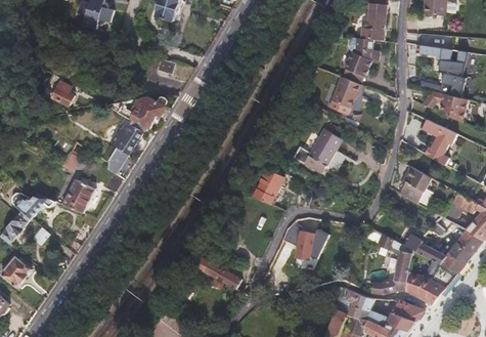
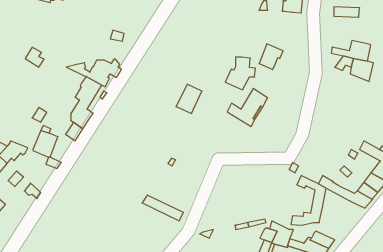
building: [342,38,378,77] -> [225,57,255,90]
building: [413,44,463,77] -> none
building: [424,118,458,164] -> none
building: [398,167,431,204] -> none
building: [250,168,280,203] -> [176,84,202,113]
building: [288,224,328,266] -> none
building: [403,264,457,305] -> none

